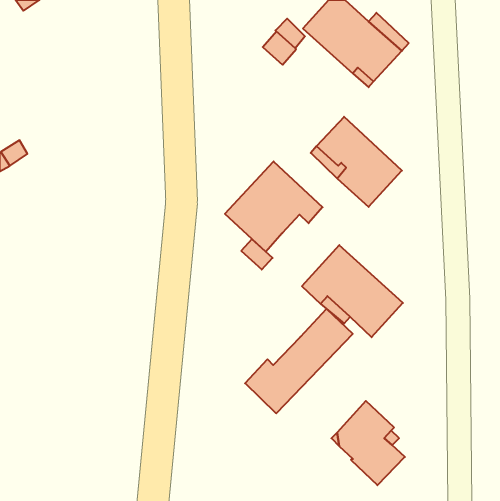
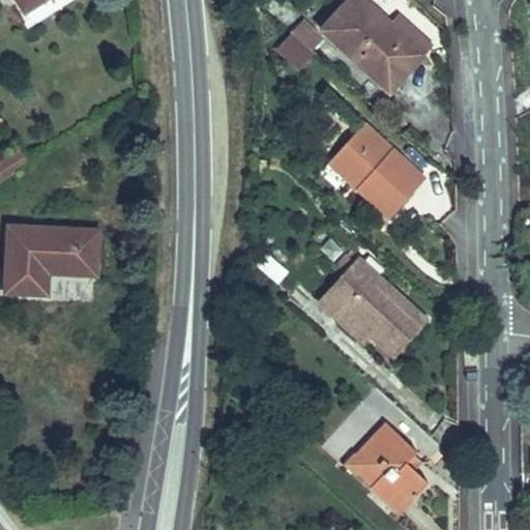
building: [225,161,323,252] -> none
building: none -> [5,227,97,294]
building: [245,309,353,413] -> none

